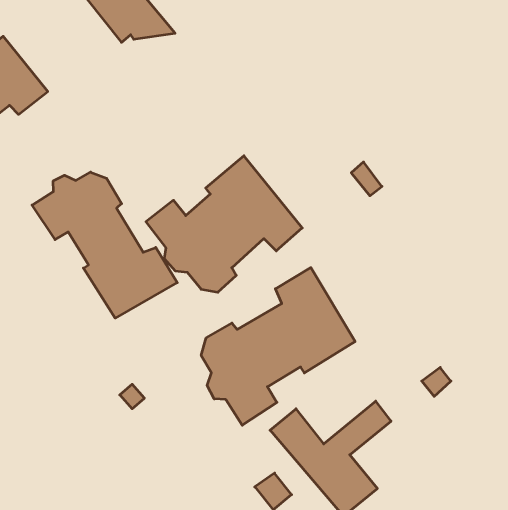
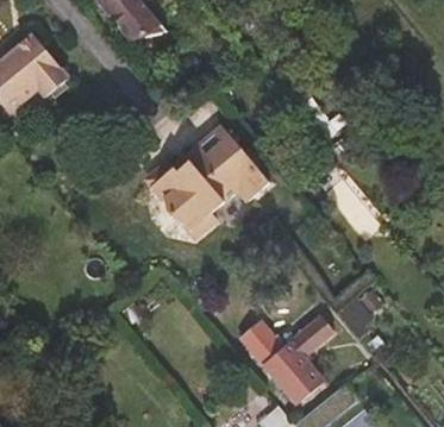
building: [32,172,177,318] -> none
building: [201,268,355,425] -> none

